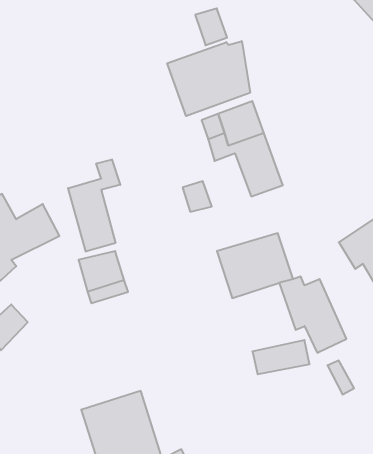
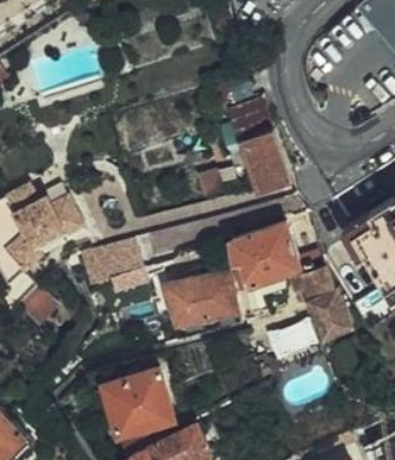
building: [167,41,250,116] -> none
building: [68,159,120,252] -> none
building: none -> [165,271,237,322]

